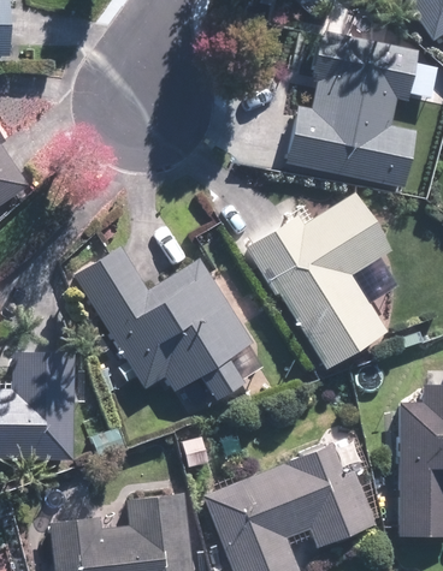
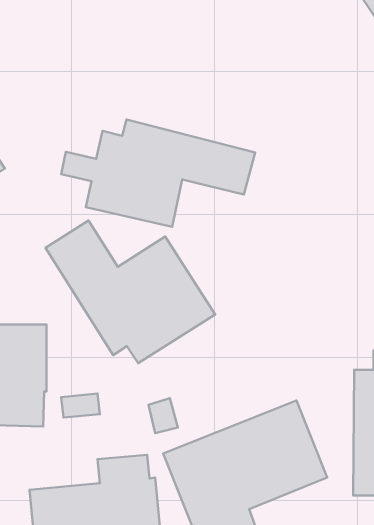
building: [288,31,417,189] -> none
building: none -> [61,120,255,227]
building: [247,195,389,370] -> none

